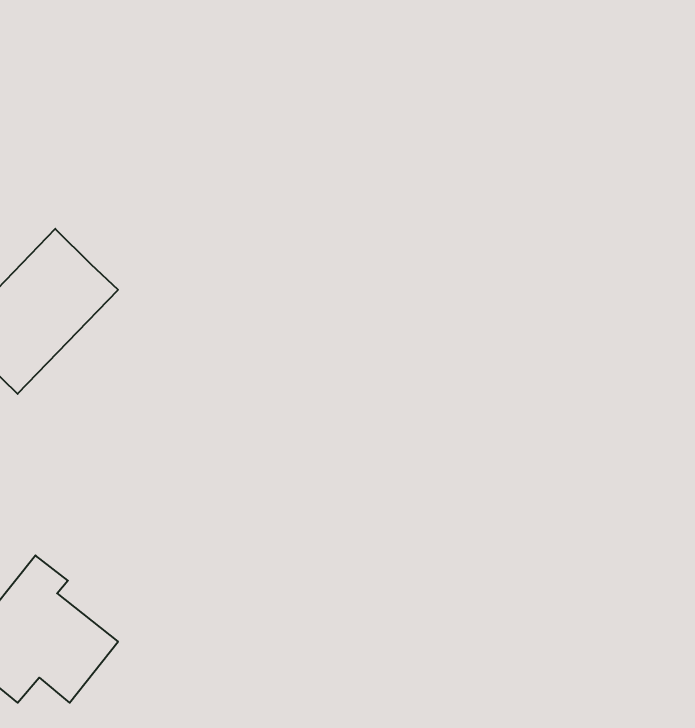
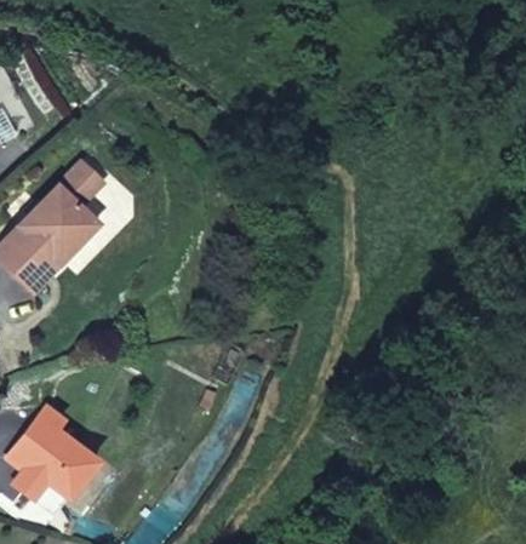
building: none -> [58,159,105,207]

